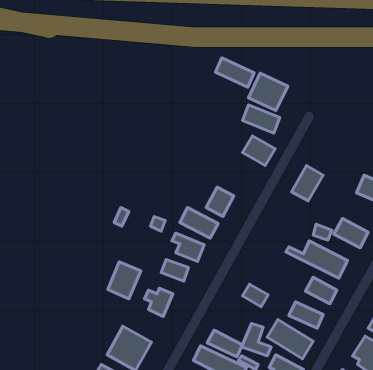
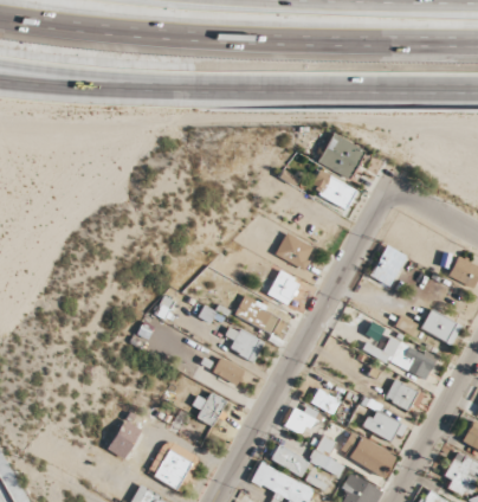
building: [216,58,254,87] -> none
building: [243,136,275,165] -> [274,233,314,269]
building: [108,262,141,299] -> none
building: none -> [285,406,319,435]
building: none -> [106,420,141,459]

